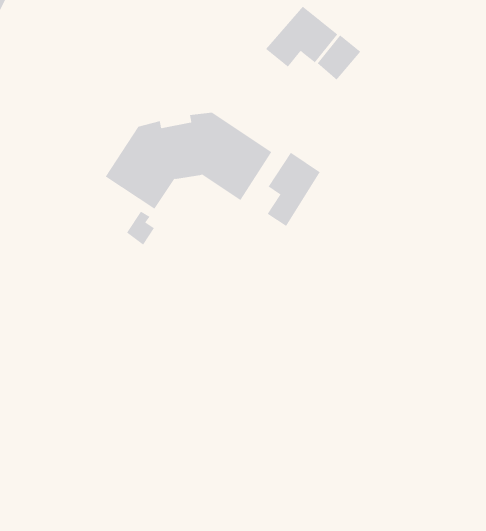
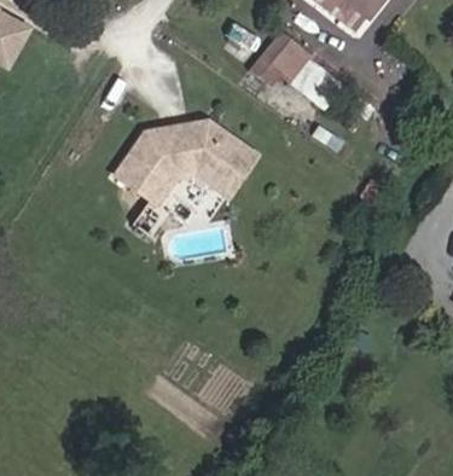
building: [267,152,321,227] -> none

